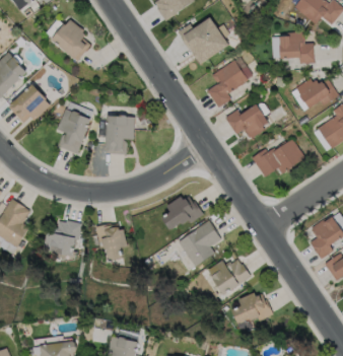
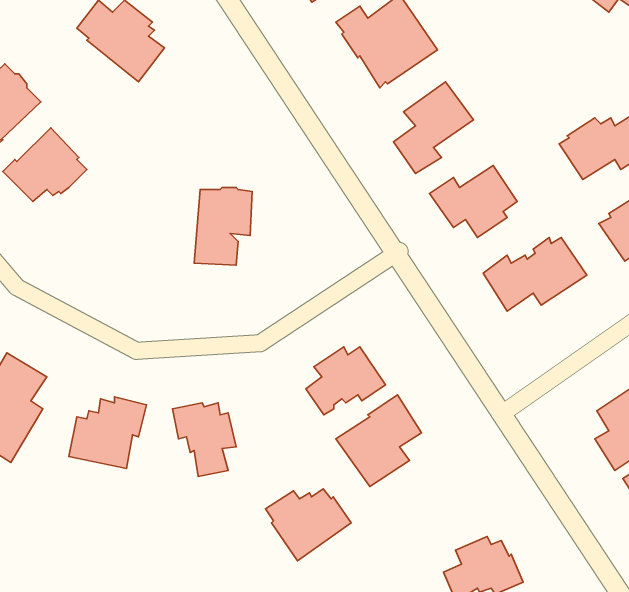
building: [270,31,317,65] -> none
building: [57,101,93,155] -> none
building: [208,260,252,296] -> [266,489,351,561]

